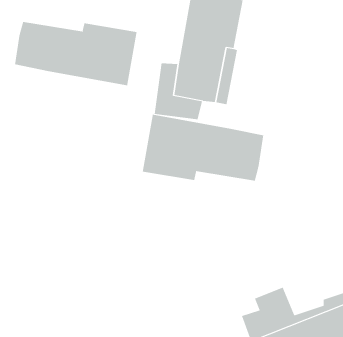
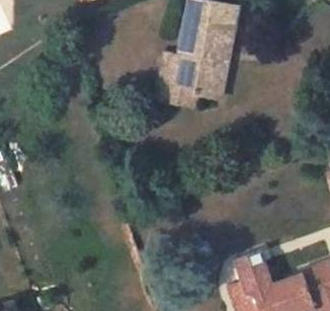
building: [15,21,137,86] -> none
building: [142,114,264,181] -> none

